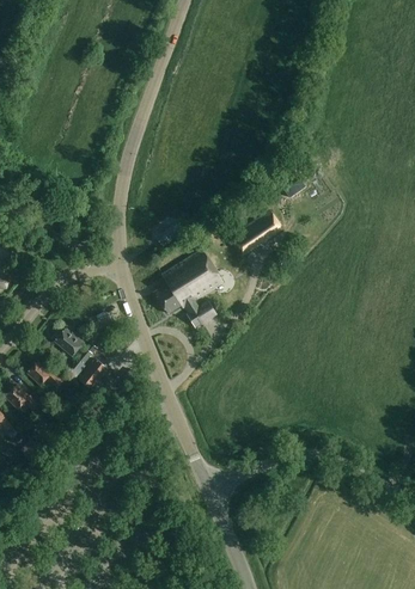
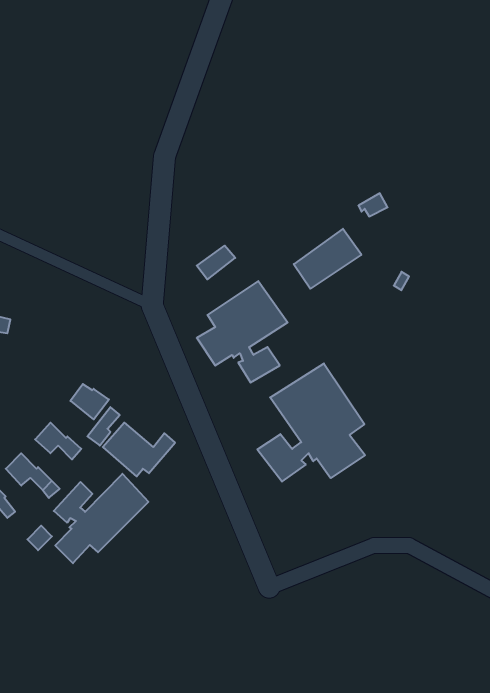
building: none -> [257,363,365,482]
building: none -> [54,474,148,563]

